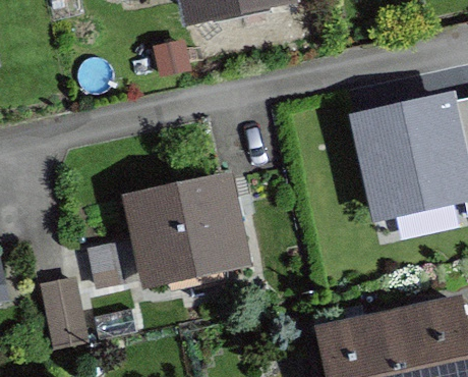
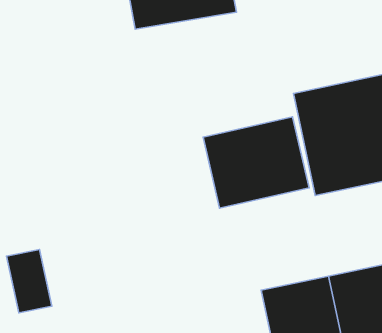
building: none -> [203,117,309,208]
building: [121,170,254,289] -> none

